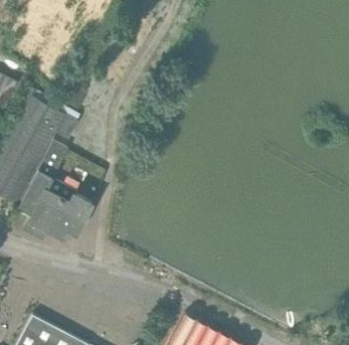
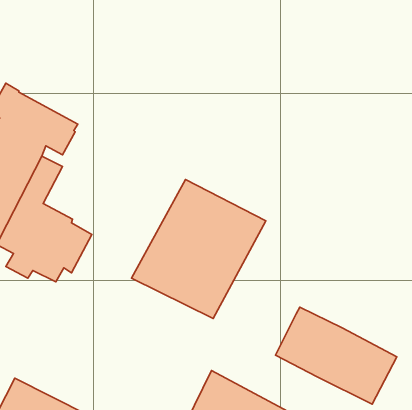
building: none -> [131,180,266,319]
building: none -> [276,307,397,404]

